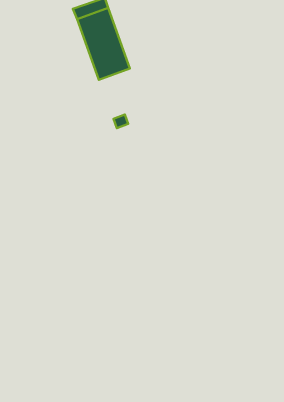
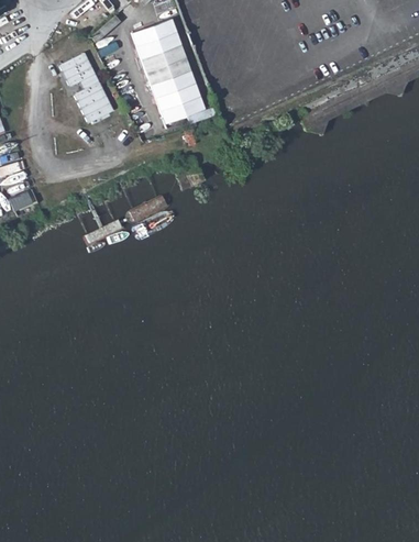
building: none -> [58,49,112,121]

